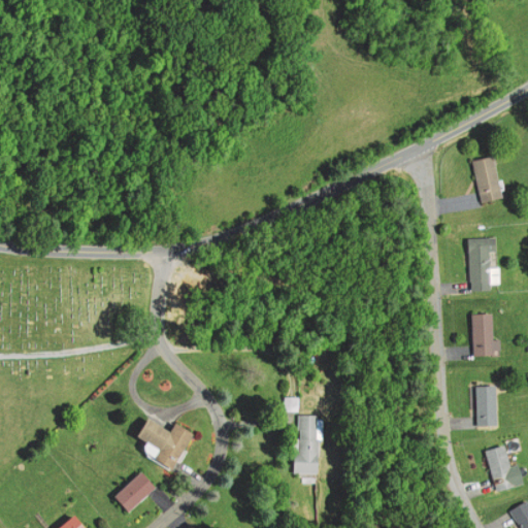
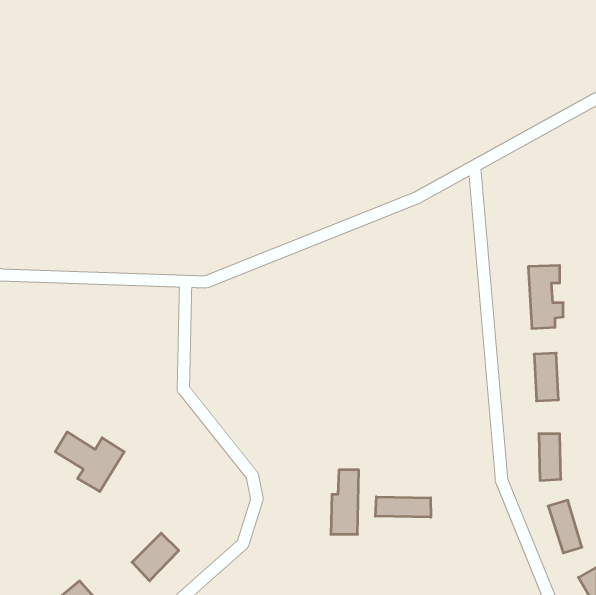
building: [473,156,502,203] -> none
building: [133,418,194,470] -> [55,432,124,492]
building: none -> [375,497,431,517]

